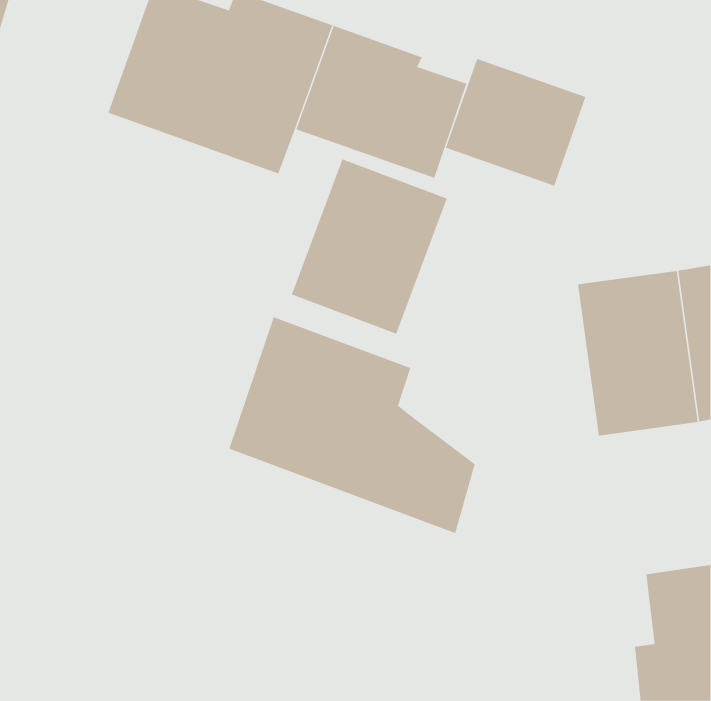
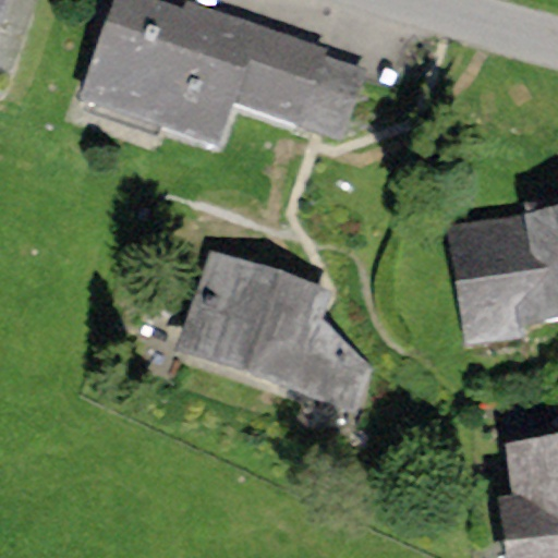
building: [445,58,586,186] -> none
building: [291,159,448,335] -> none

